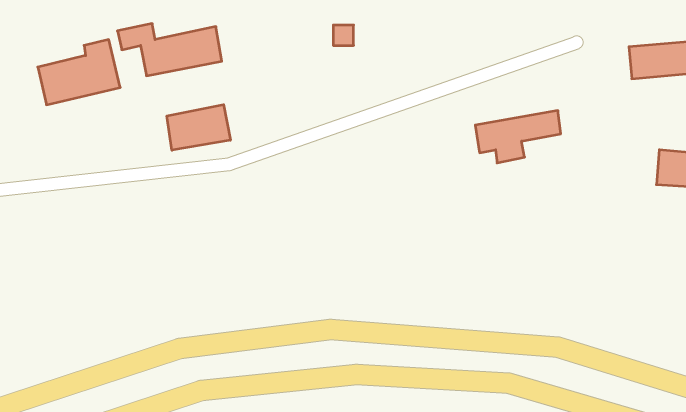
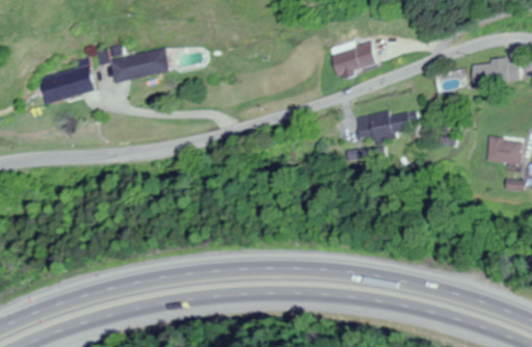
building: none -> [329,41,379,78]
building: [167,105,230,150] -> none

